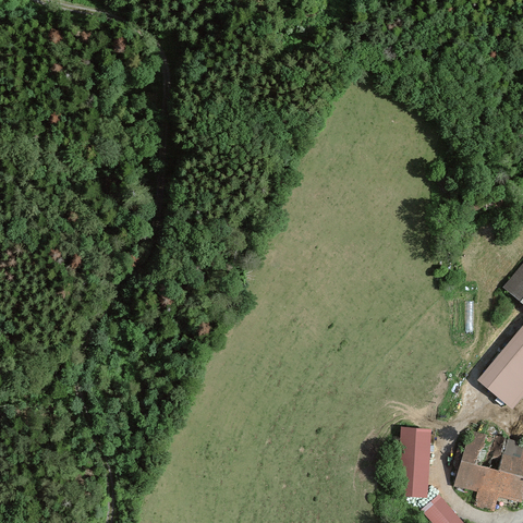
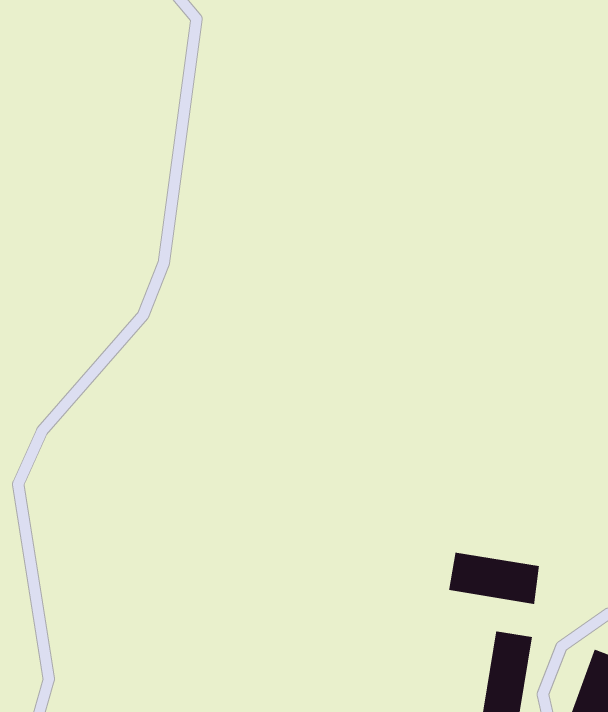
building: none -> [448,552,540,605]

